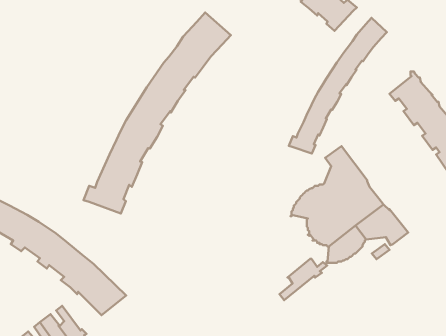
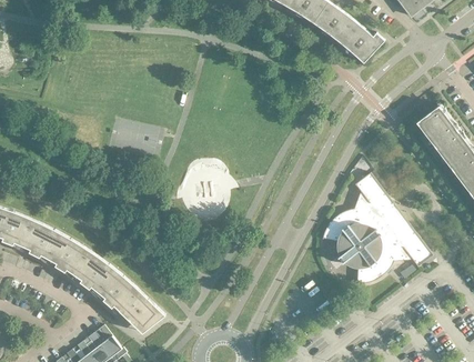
building: [83,13,231,213] -> none
building: [289,18,387,154] -> none
building: [279,259,327,300] -> none

